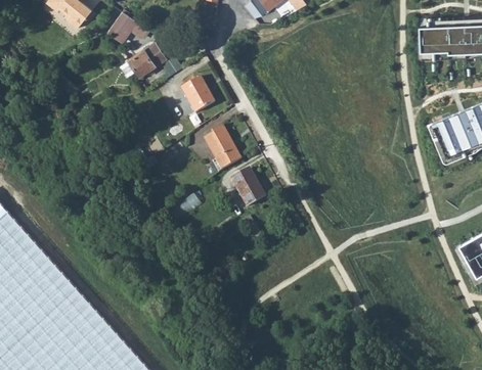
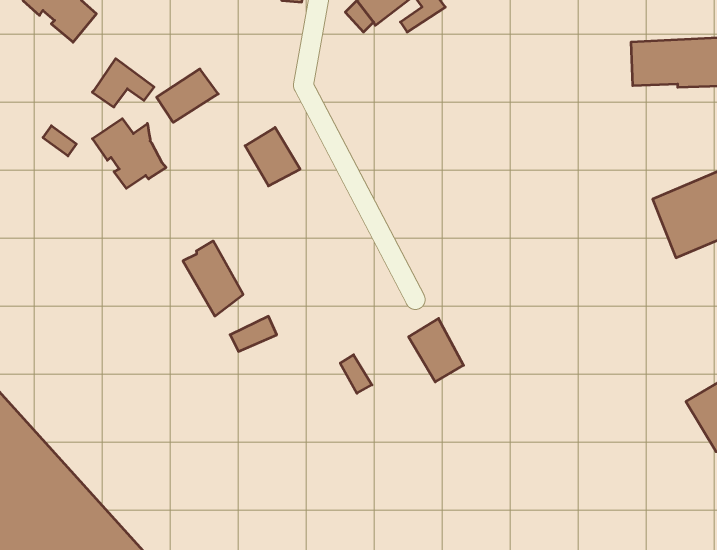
building: [109,11,147,41] -> [92,59,154,107]
building: none -> [92,119,166,188]
building: [205,125,242,171] -> [183,241,243,316]
building: [232,169,266,207] -> [409,318,464,382]

